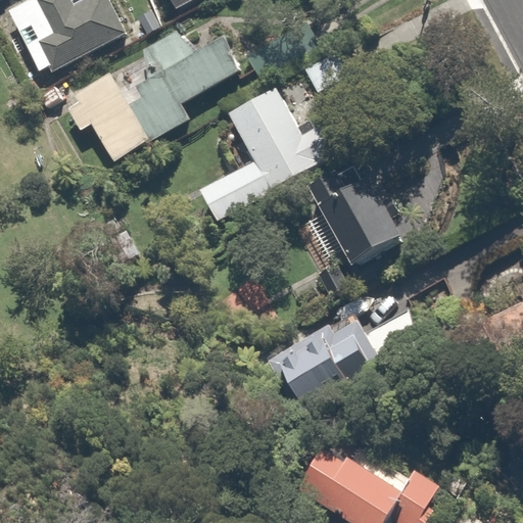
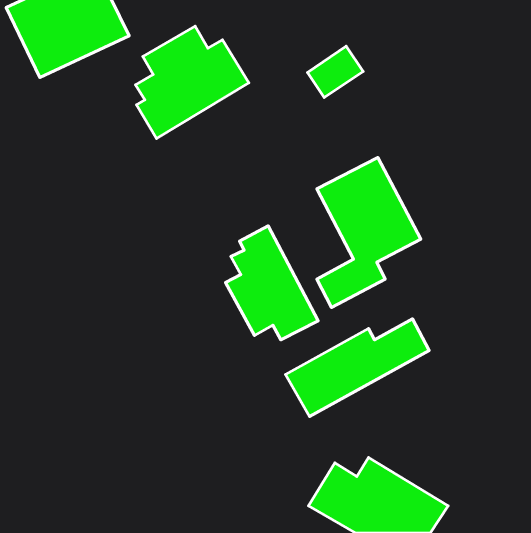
building: [65,68,152,158] -> none
building: [200,84,320,219] -> none
building: none -> [226,226,318,340]

